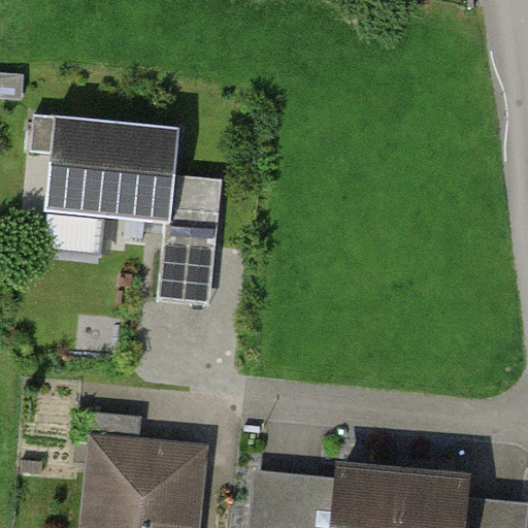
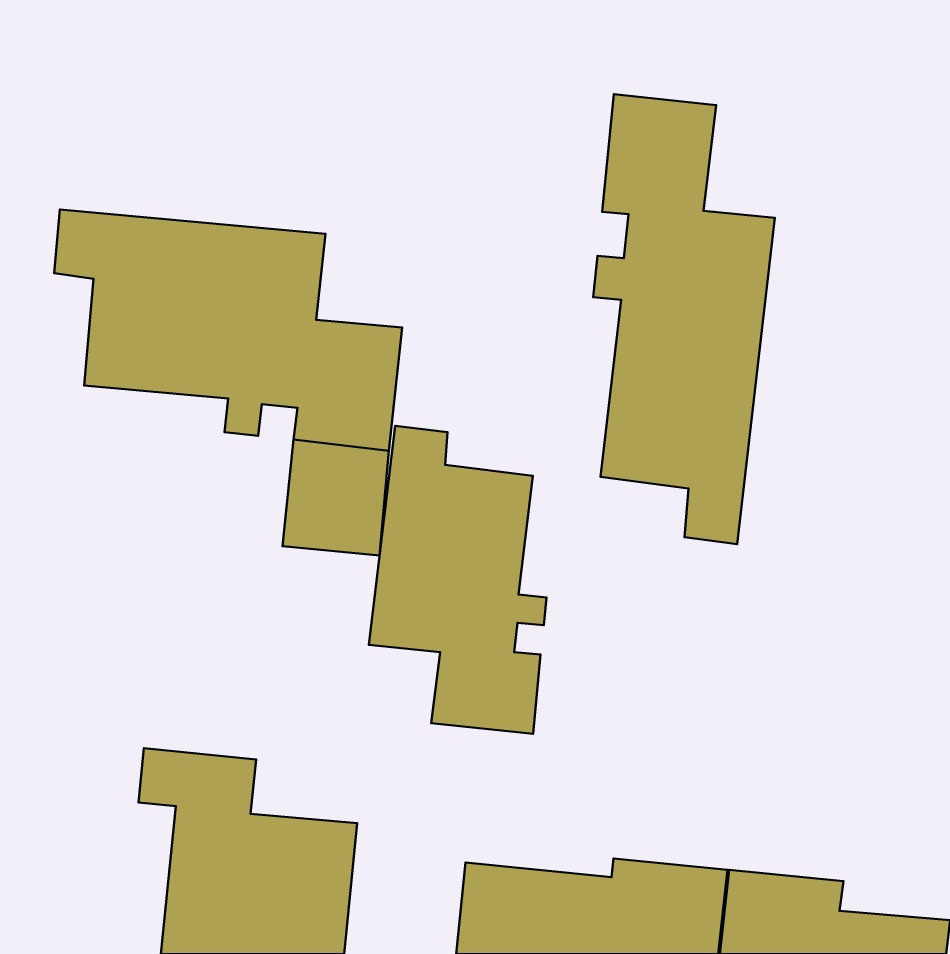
building: none -> [593,94,775,544]
building: none -> [369,426,546,734]

